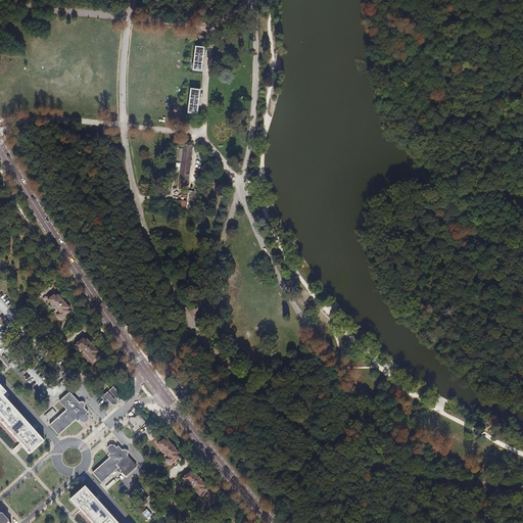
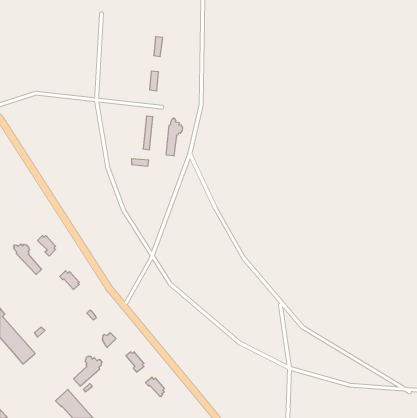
building: none -> [166,118,182,156]
building: none -> [13,244,42,275]
building: [50,391,87,434] -> none

